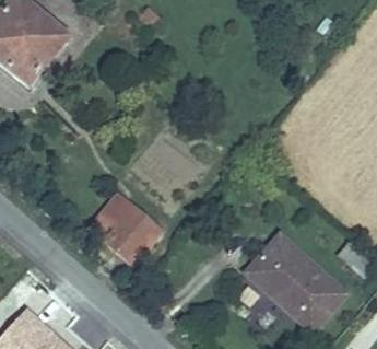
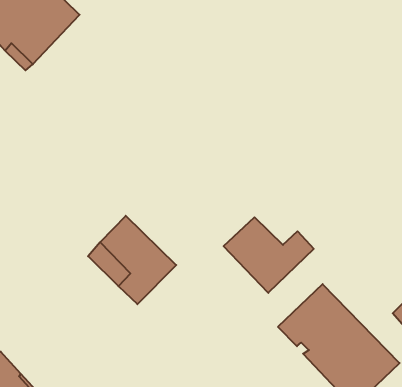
building: none -> [224,217,314,293]

